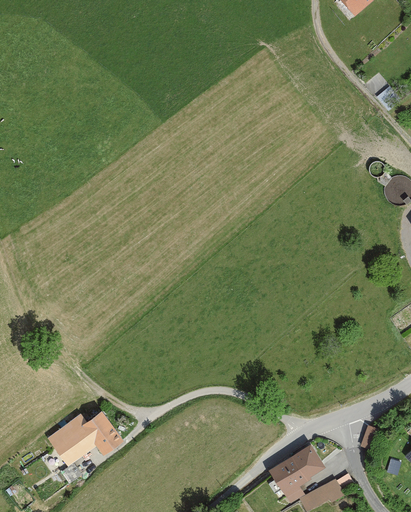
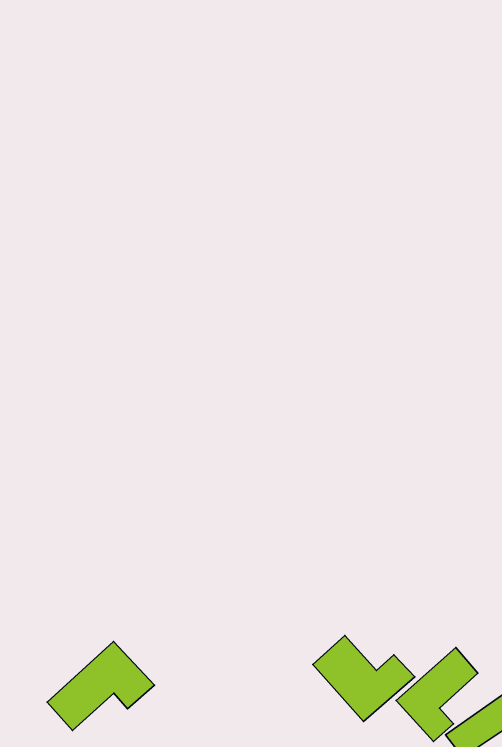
building: none -> [313,636,415,722]

